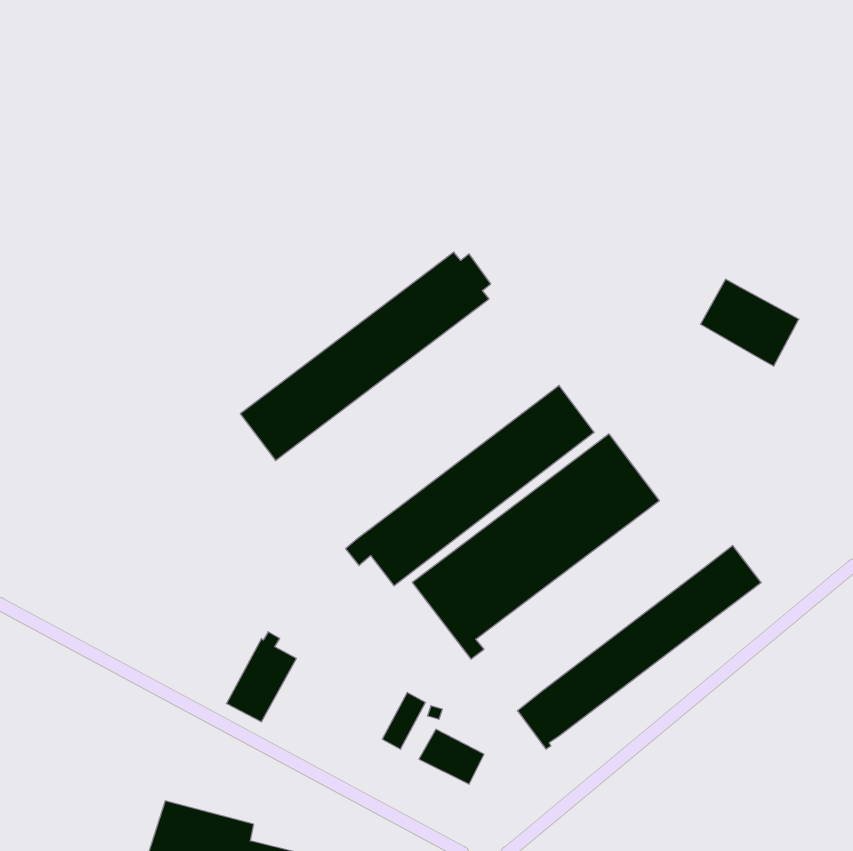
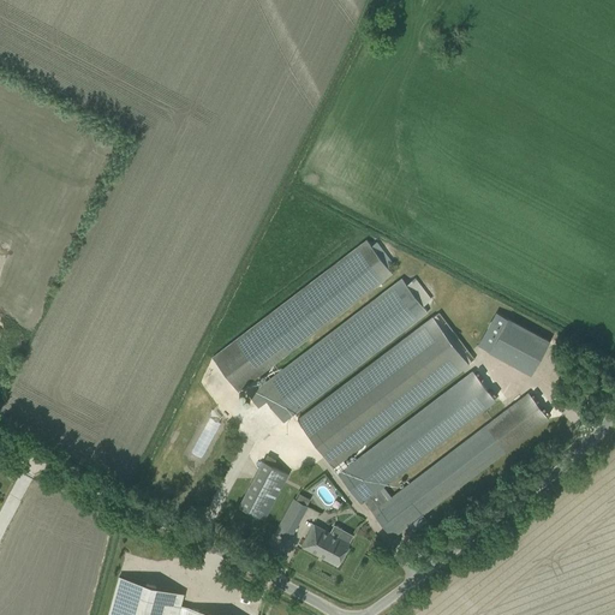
building: [240,252,491,461] -> [213,241,393,392]
building: [700,279,799,366] -> [478,314,549,376]
building: none -> [339,374,495,513]
building: [226,632,296,722] -> [238,456,288,521]

